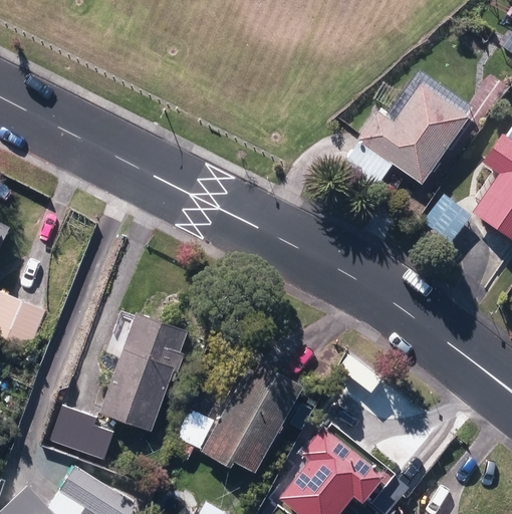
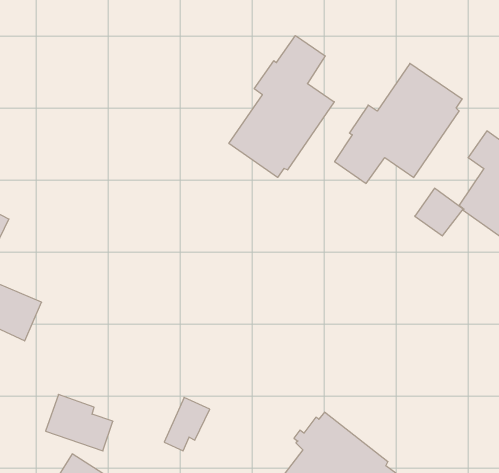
building: none -> [229,36,334,177]
building: [99,313,188,434] -> none
building: [201,359,303,475] -> none

